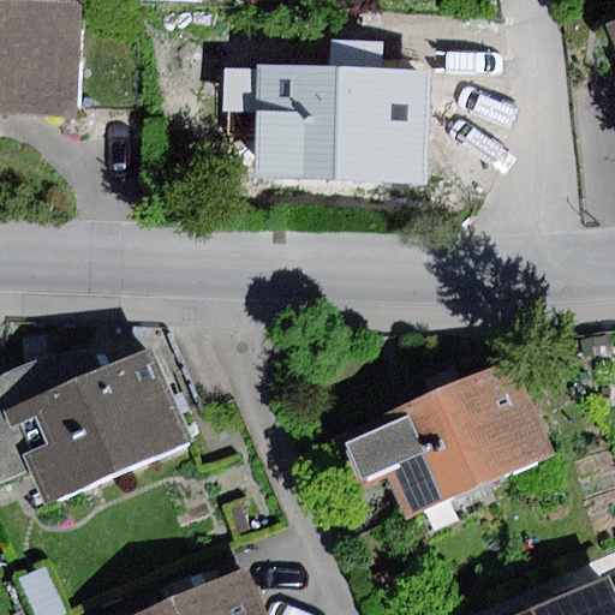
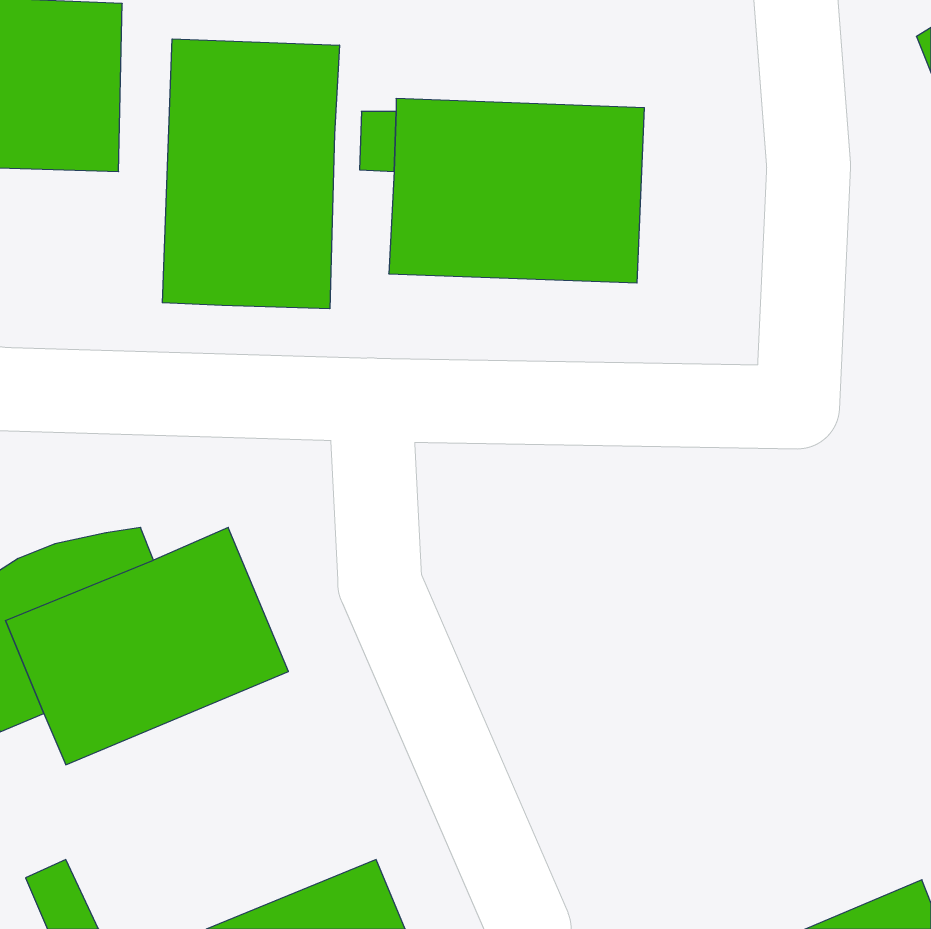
building: none -> [162,39,339,309]
building: [330,357,555,521] -> none

